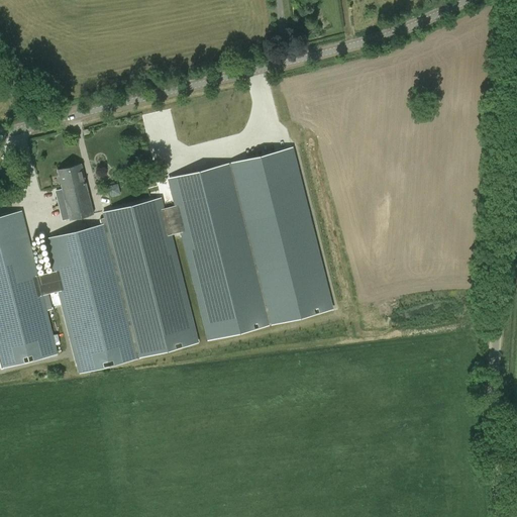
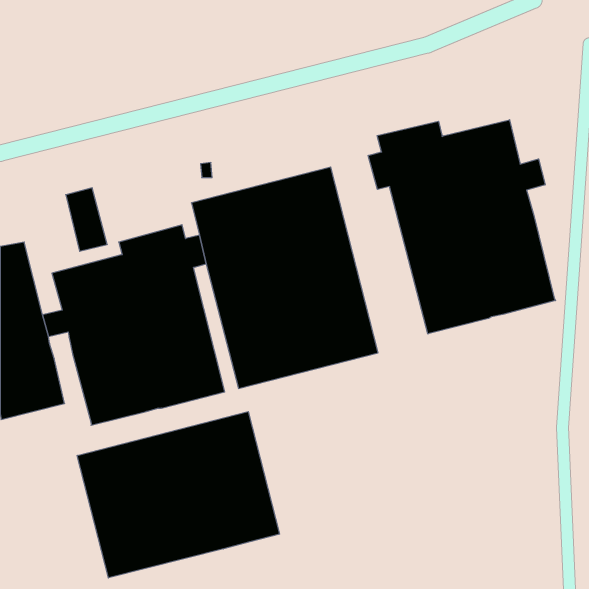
building: none -> [368,120,556,334]
building: none -> [77,412,279,578]

